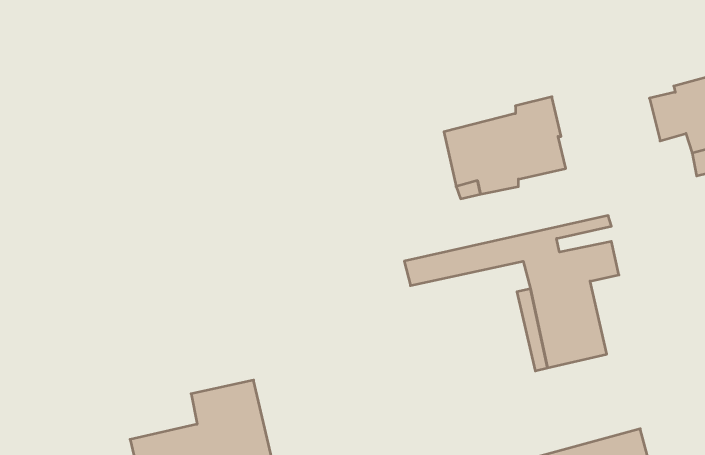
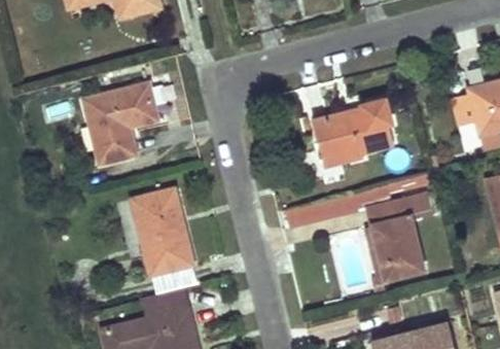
building: none -> [83,84,156,162]
building: none -> [132,189,193,274]

